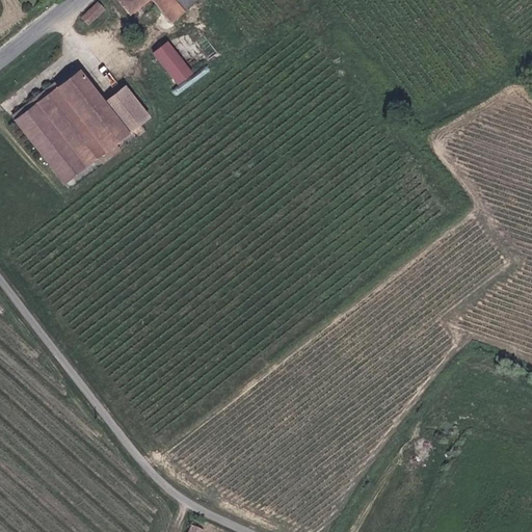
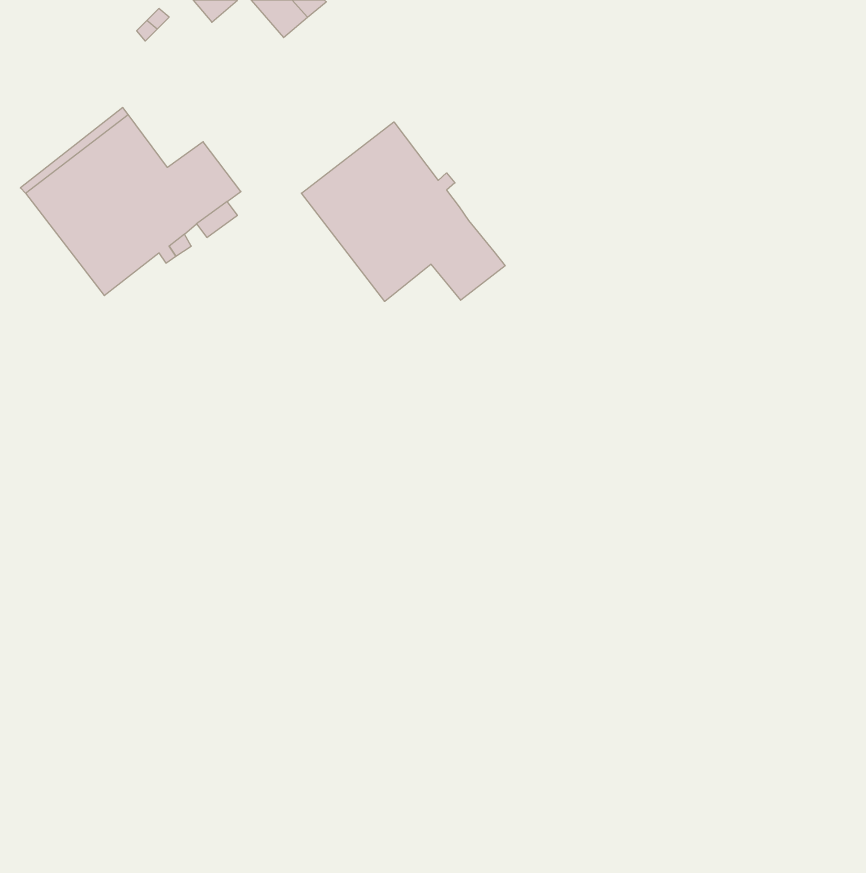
building: [156,43,194,84] -> none
building: none -> [301,122,505,301]

